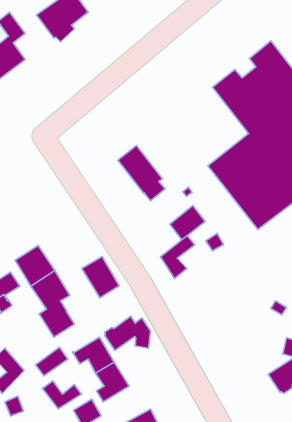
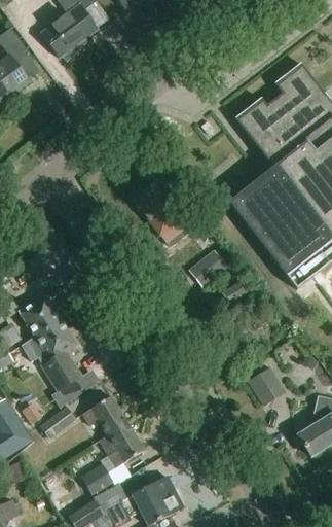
building: [161,235,195,278] -> none
building: [82,257,119,298] -> none
building: none -> [248,365,286,405]
building: [104,316,151,351] -> none
building: [42,381,81,409] -> none

